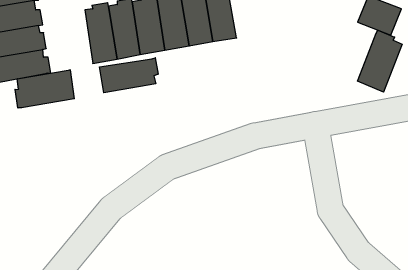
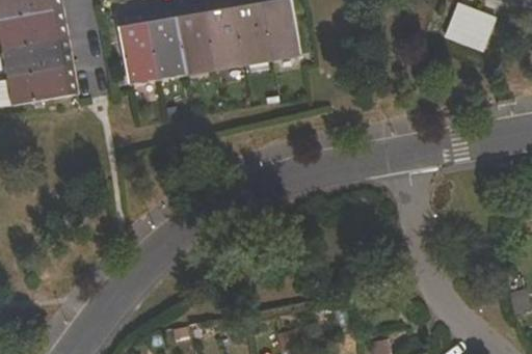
building: [357,30,402,92] -> none
building: [100,58,158,93] -> none
building: [15,70,74,108] -> none

